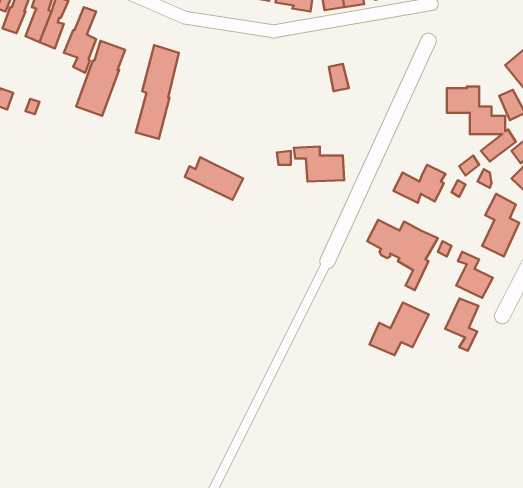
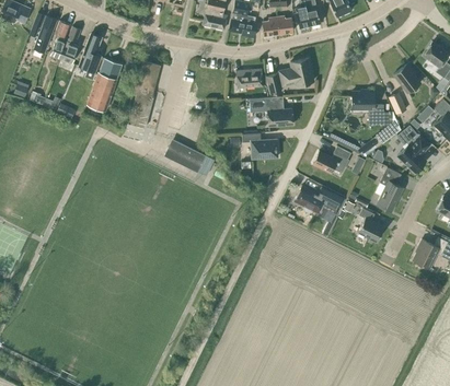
building: none -> [279,58,313,84]
building: none -> [235,69,263,87]
building: none -> [250,96,292,126]
building: [445,299,479,351] -> none
building: [370,302,429,355] -> none

